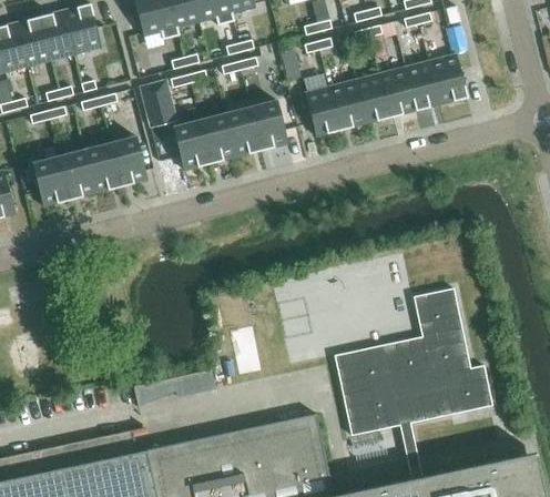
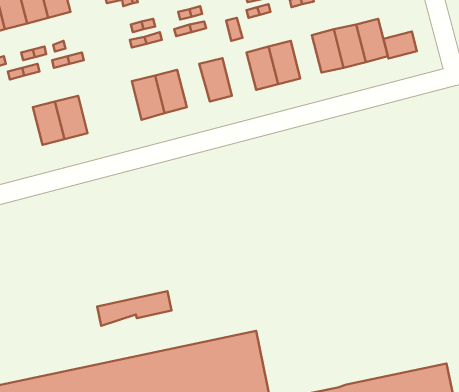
building: none -> [383,32,417,59]
building: [355,73,390,123] -> none
building: [141,82,176,128] -> none
building: [224,106,262,156] -> none
building: [110,136,146,186] -> none
building: [31,156,69,206] -> none
building: [332,288,490,479] -> none

